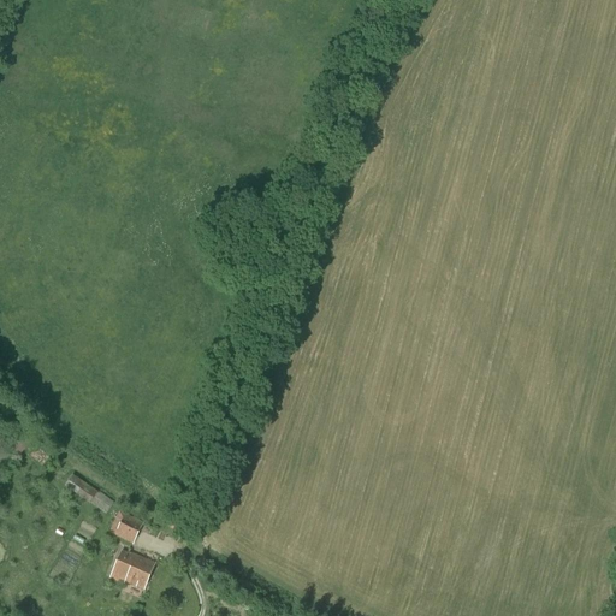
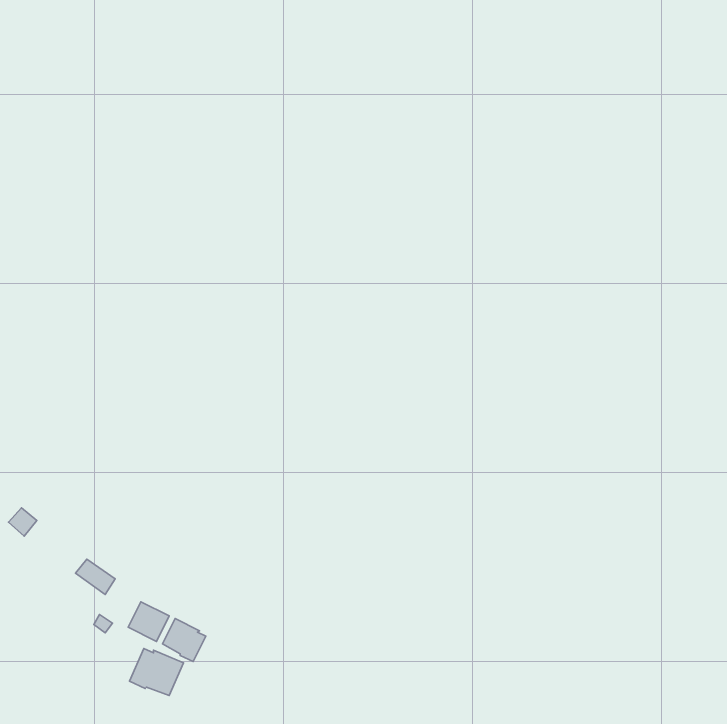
building: none -> [163,619,206,662]

